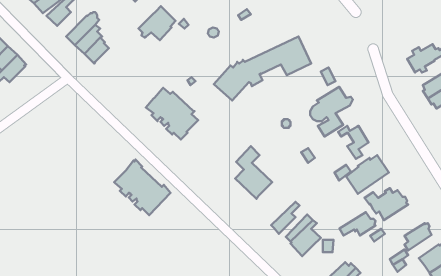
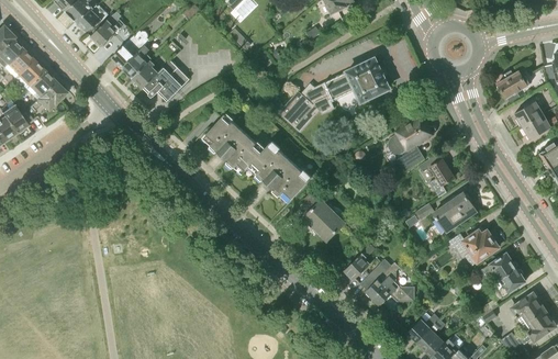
building: [139,6,175,40] -> [145,61,187,100]
building: [114,160,170,215] -> [248,141,312,203]
building: [339,212,375,235] -> [477,254,517,280]

